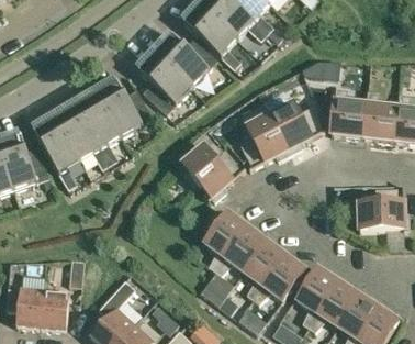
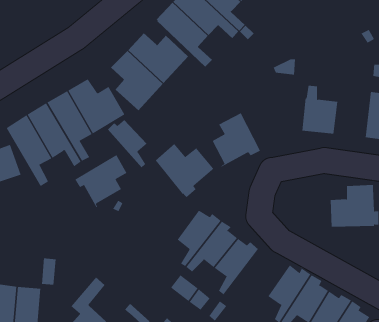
building: [362,90,399,140] -> none
building: [269,102,326,153] -> none
building: none -> [107,119,148,168]
building: none -> [75,154,127,208]
building: [251,252,304,302] -> none

